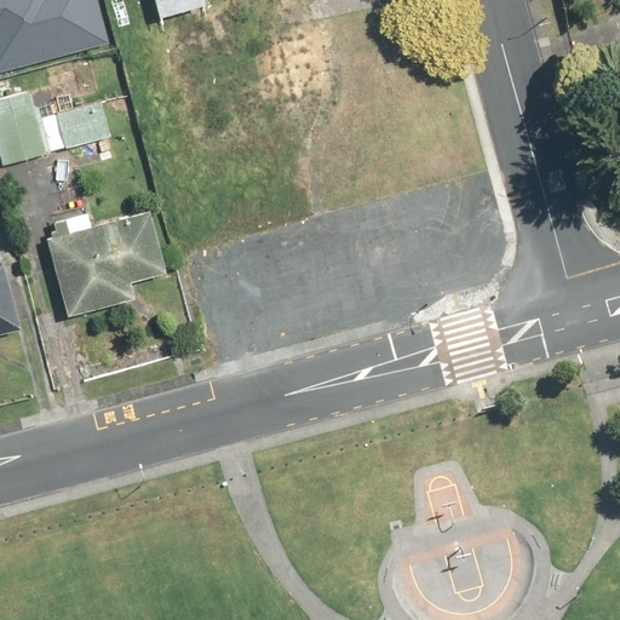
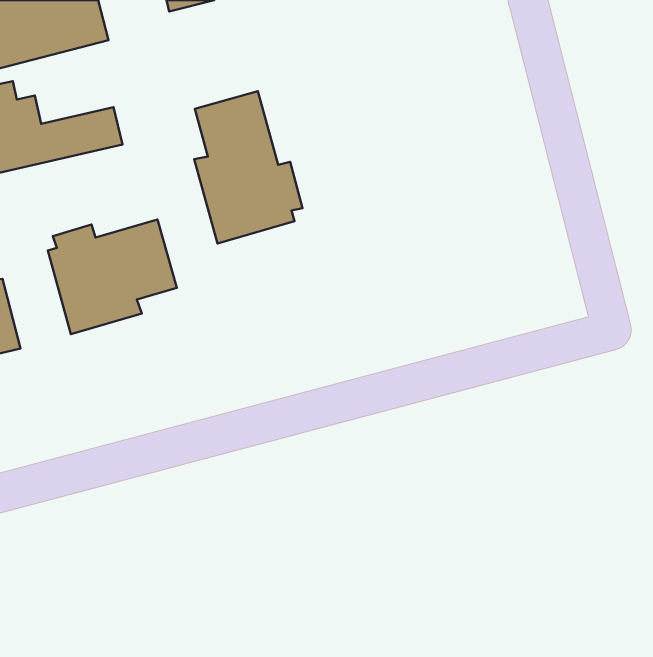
building: none -> [194,91,303,244]

